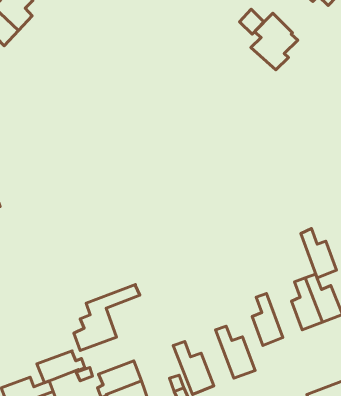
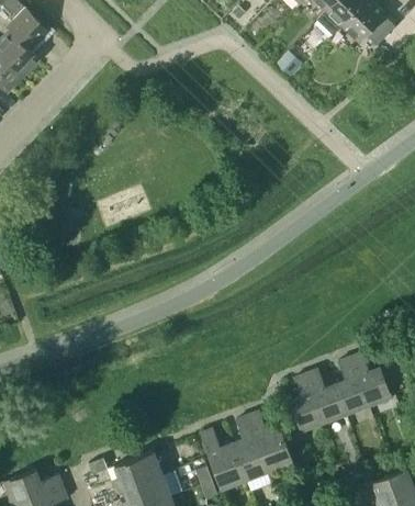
building: [251,13,298,70] -> none
building: [301,229,336,278] -> [305,368,346,424]
building: [74,284,140,351] -> none
building: none -> [231,415,268,479]
building: [37,351,85,383] -> none

